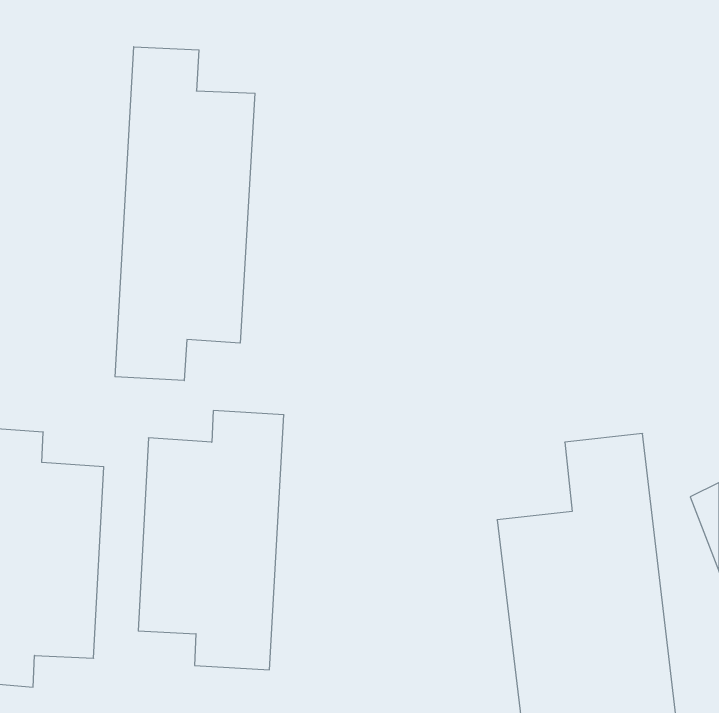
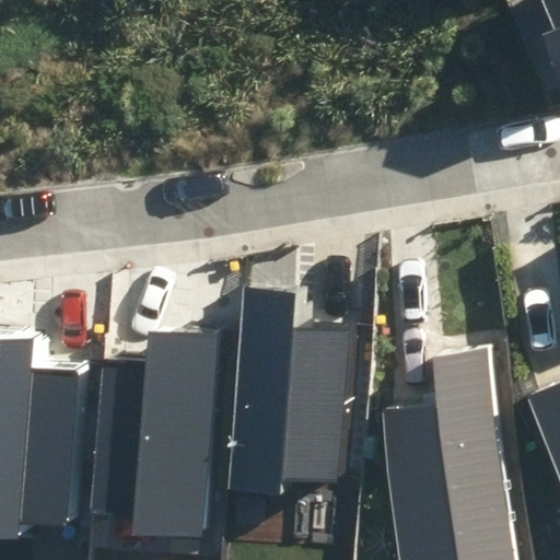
building: [115,47,255,381] -> none
building: none -> [234,289,350,477]

